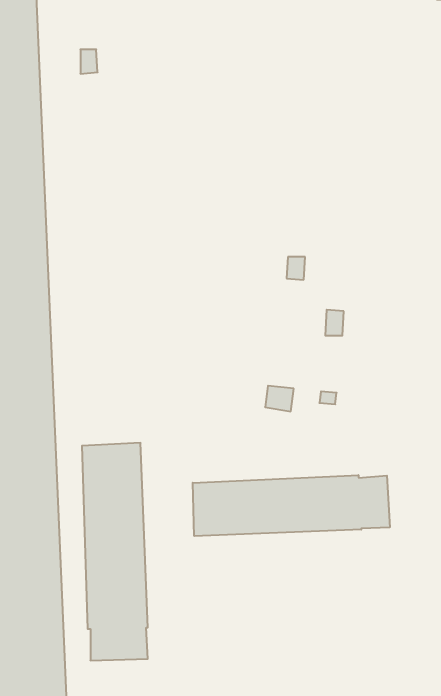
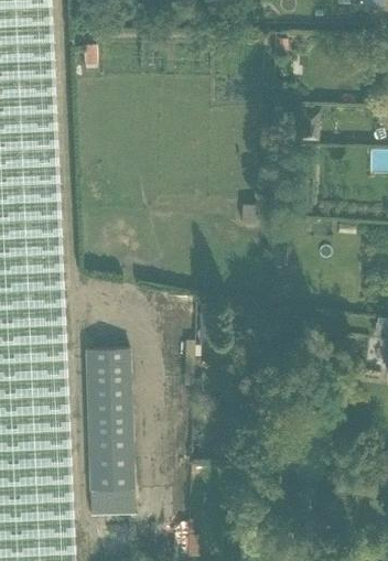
building: [193,475,390,536] -> none

